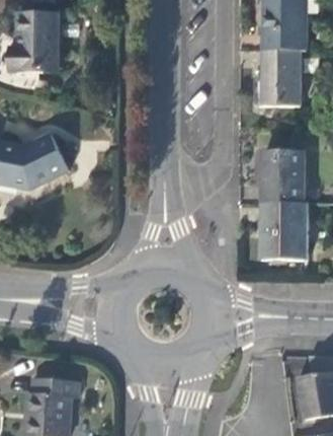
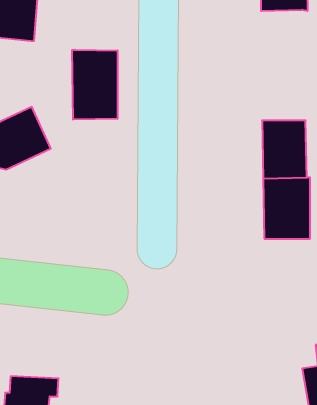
building: [260,48,298,102] -> none
building: none -> [72,50,118,120]

